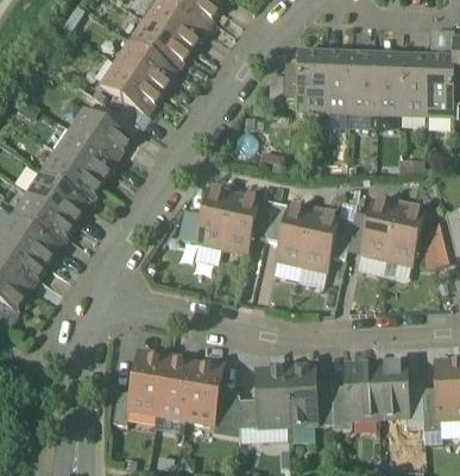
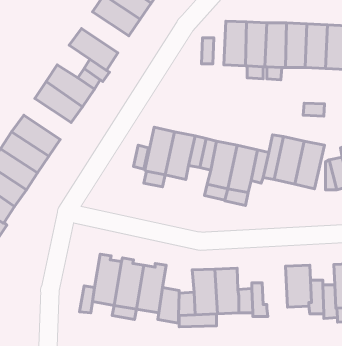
building: [115,39,176,91] -> none
building: [42,150,102,202] -> none
building: [346,363,378,417] -> none

